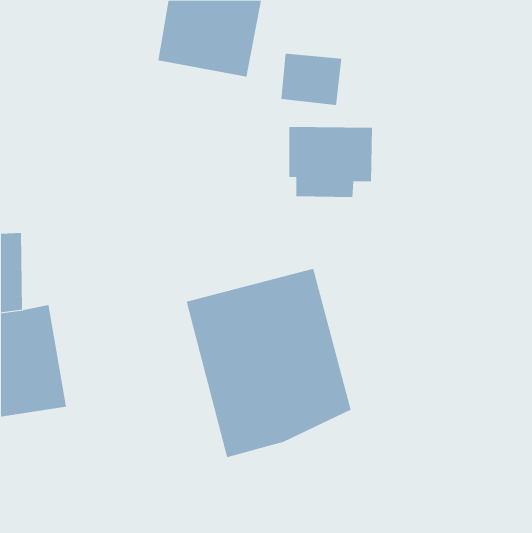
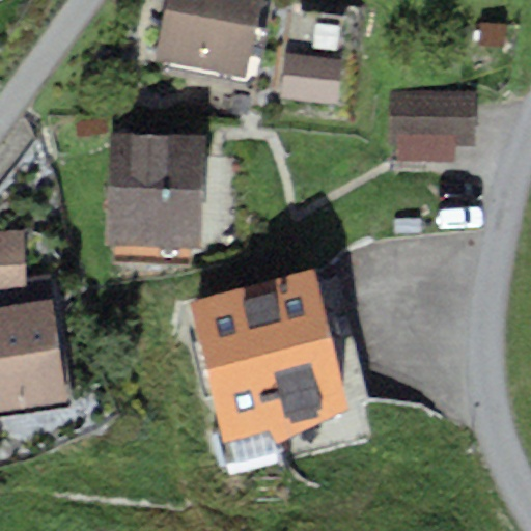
building: [288,126,373,197] -> [391,91,475,162]
building: none -> [104,134,204,247]

